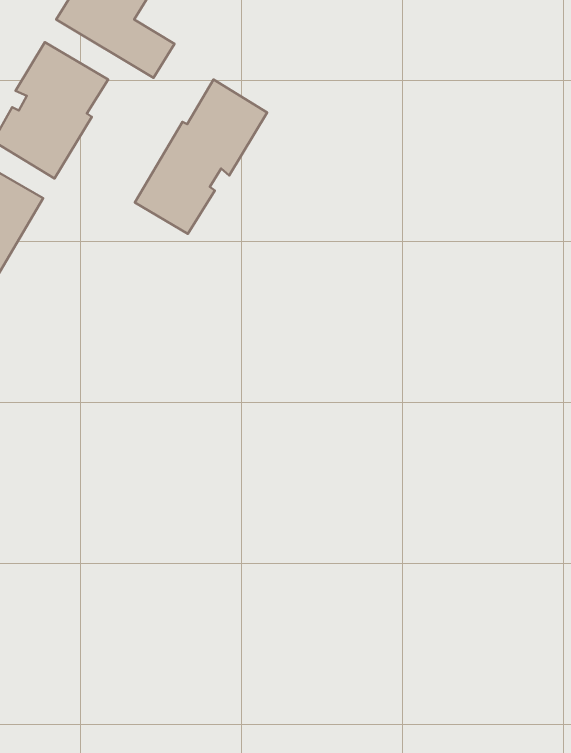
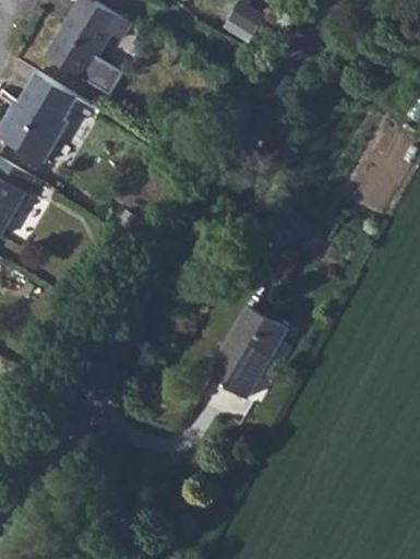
building: [135,79,267,234] -> none
building: none -> [206,308,285,399]

